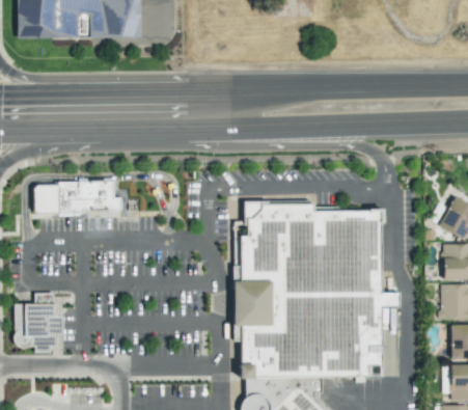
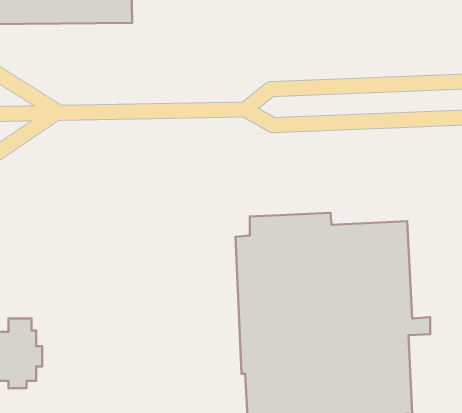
building: [34,182,121,214] -> none

